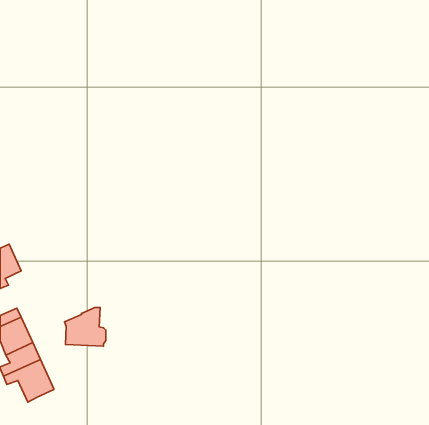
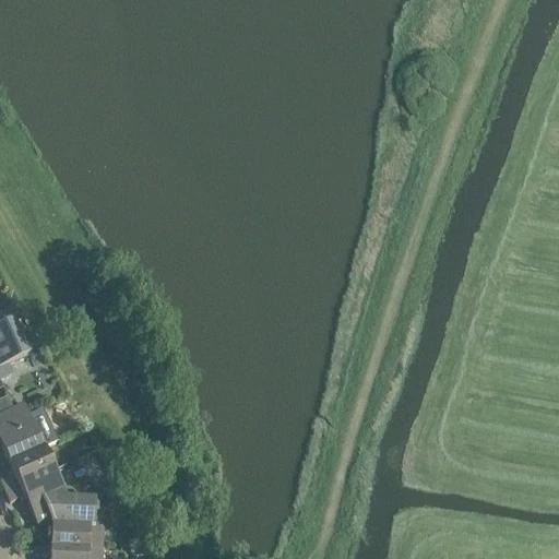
building: [65,308,106,346] -> [50,497,104,547]

